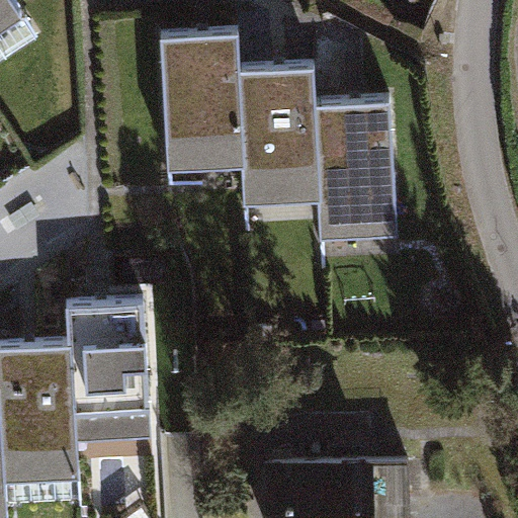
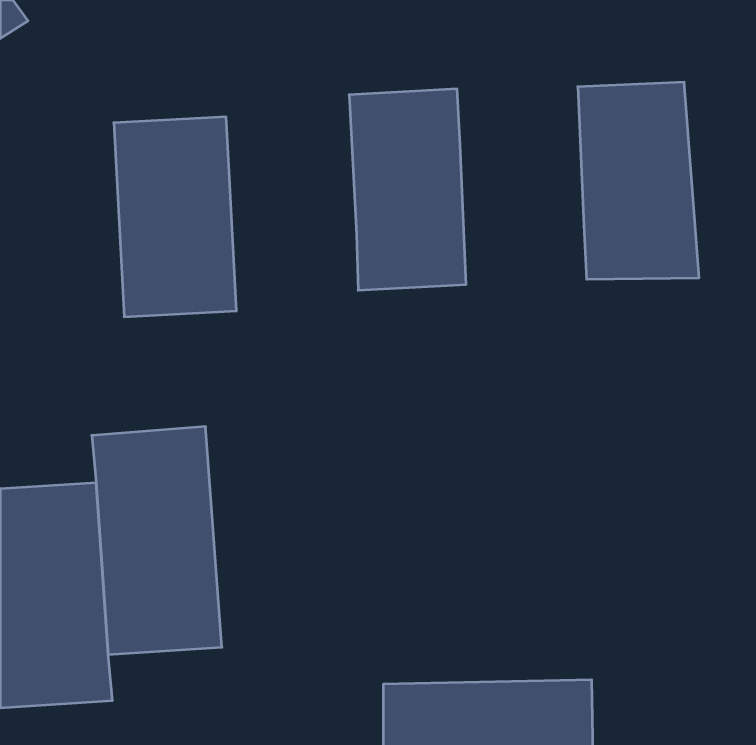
building: [160,35,244,172] -> [114,117,236,317]
building: [315,104,398,239] -> [578,82,699,279]

